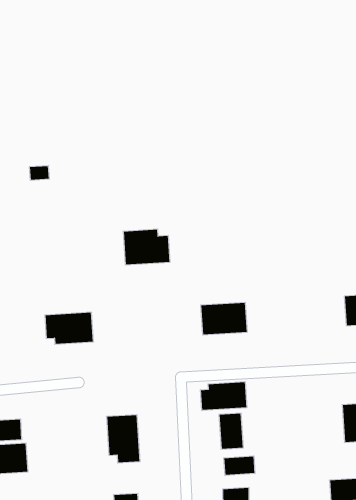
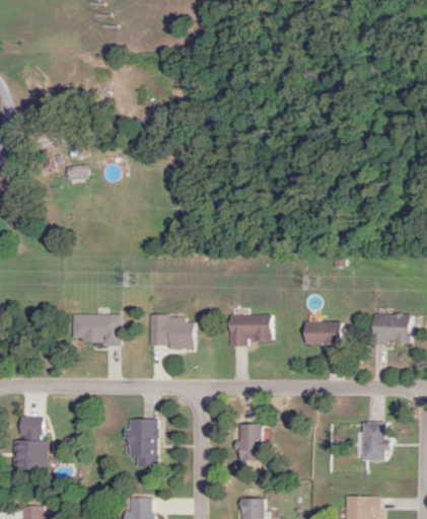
building: [123,229,170,265] -> [150,315,195,349]
building: none -> [303,322,343,343]
building: [201,382,247,411] -> none
building: [224,456,255,476] -> none

